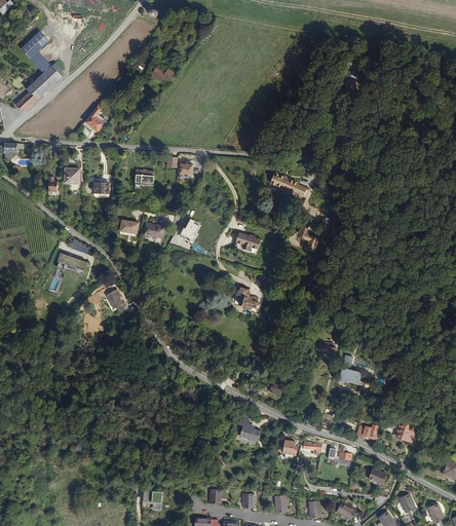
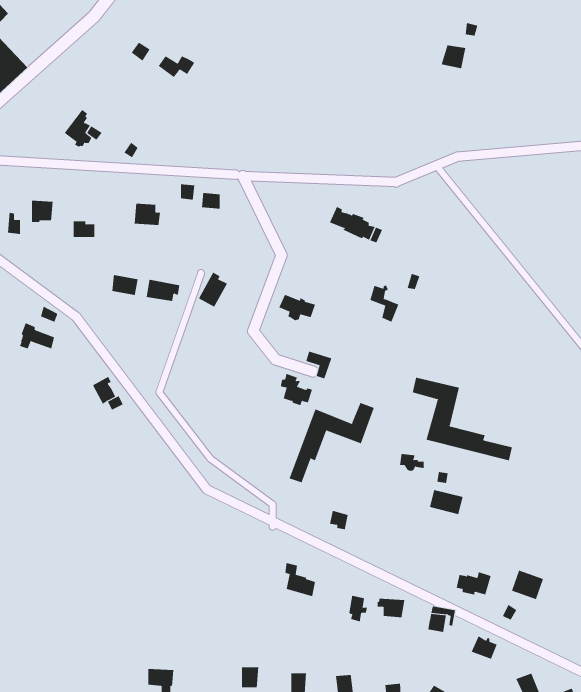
building: none -> [412,377,512,461]
building: none -> [289,402,374,483]

